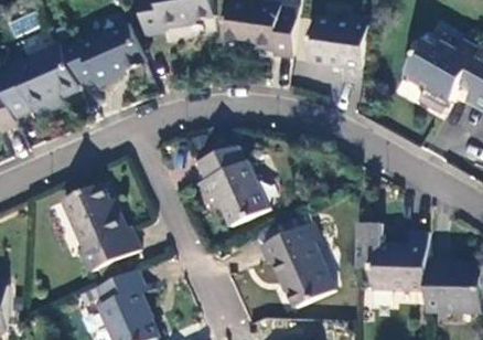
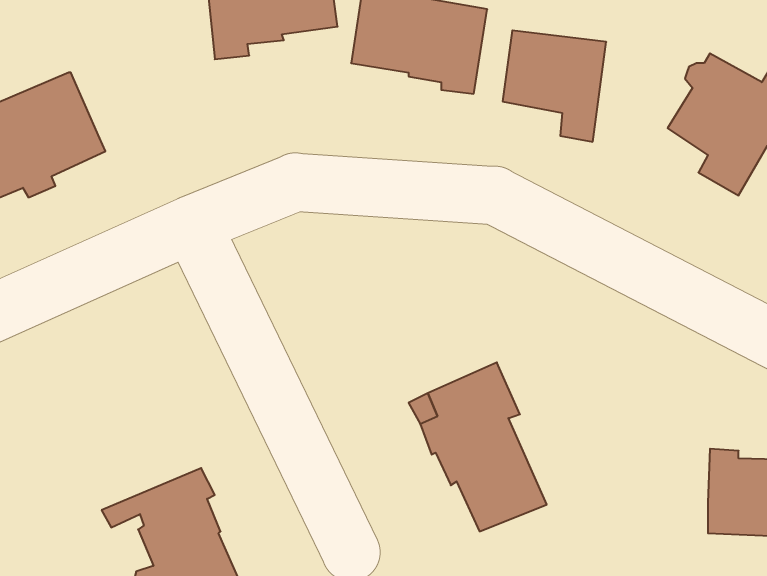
building: [61,21,146,84] -> none
building: [197,147,269,225] -> none
building: [61,184,137,273] -> none
building: [355,224,428,290] -> none

